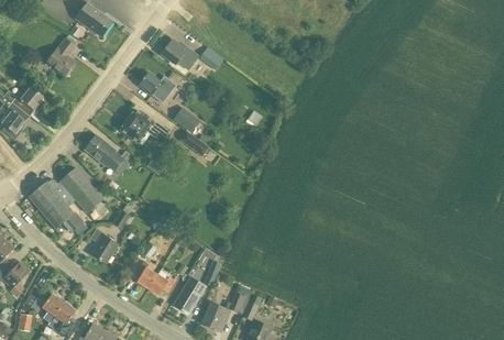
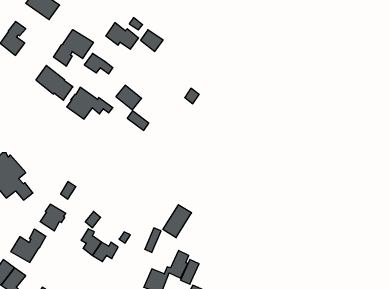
building: none -> [54,30,93,66]
building: [85,134,124,172] -> [36,65,73,100]
building: [59,166,103,213] -> none
building: none -> [11,229,46,262]
building: [174,278,205,314] -> [163,205,192,238]

